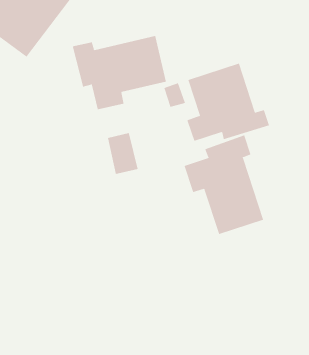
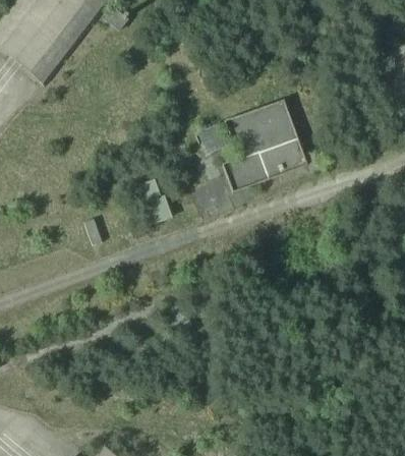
building: [72,35,166,110] -> none
building: [184,134,264,235] -> none

